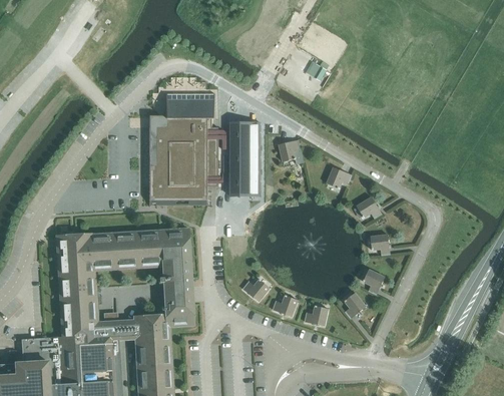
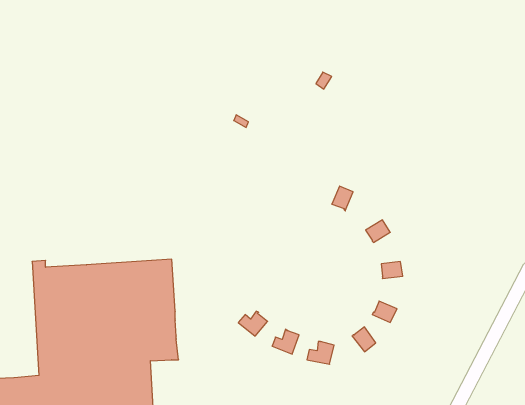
building: [147,91,217,205] -> none
building: [228,125,256,199] -> none
building: [278,138,303,164] -> none

